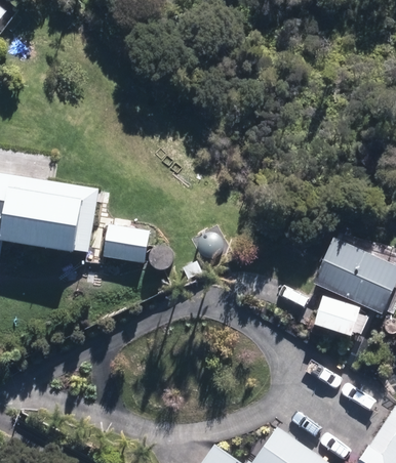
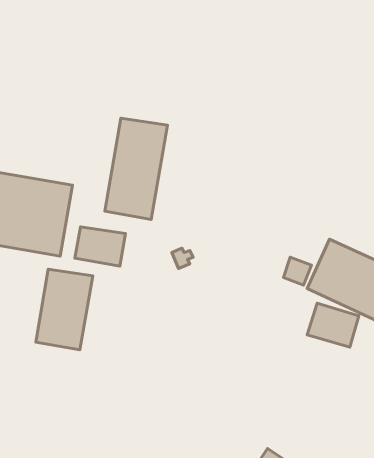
building: none -> [105,118,168,219]
building: none -> [36,269,93,350]

